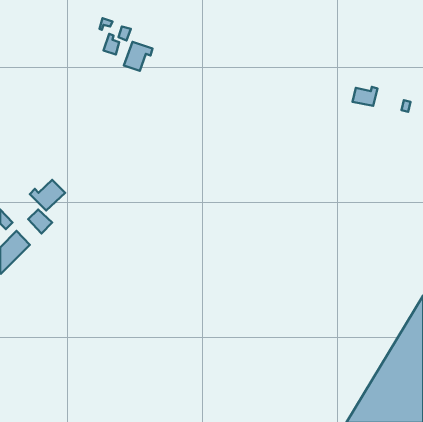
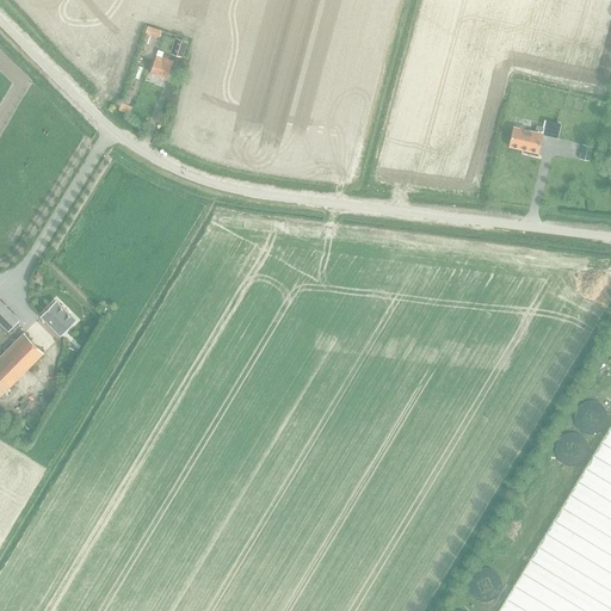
building: [124,42,153,71] -> none
building: [30,180,65,211] -> none

